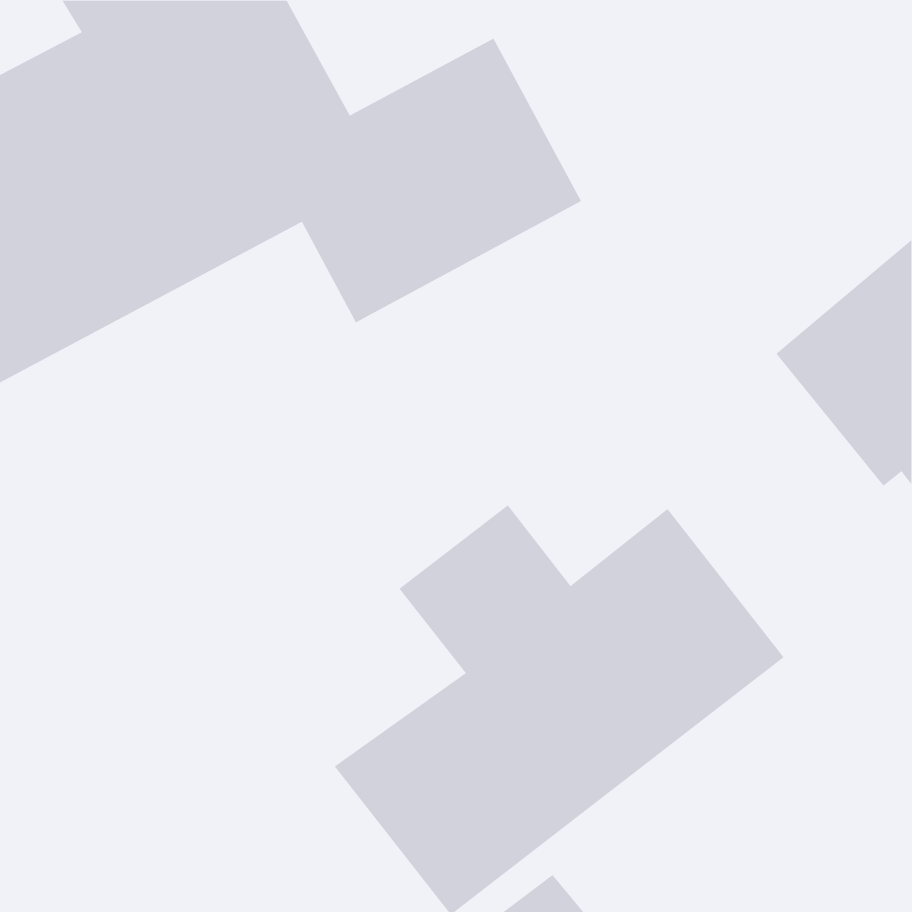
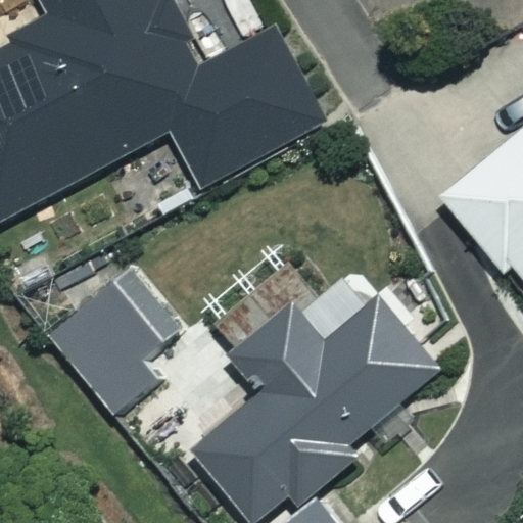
building: none -> [40,254,205,417]

